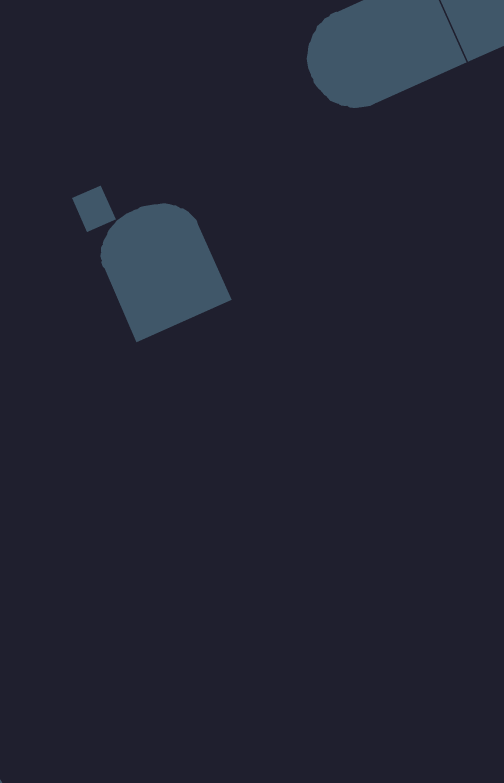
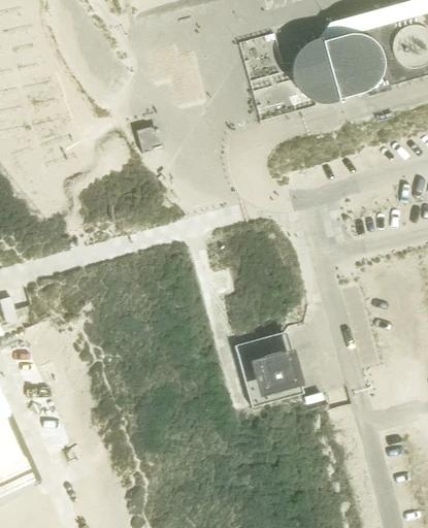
building: [100,202,232,343] -> none
building: none -> [231,329,298,404]

